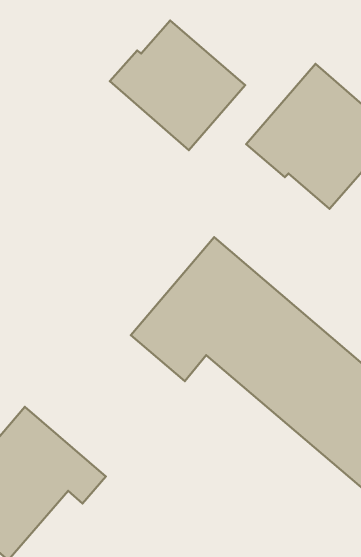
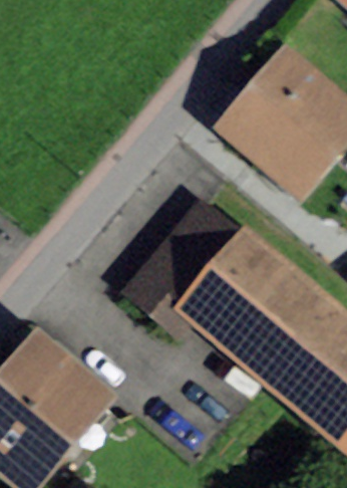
building: [110,20,245,150] -> none

